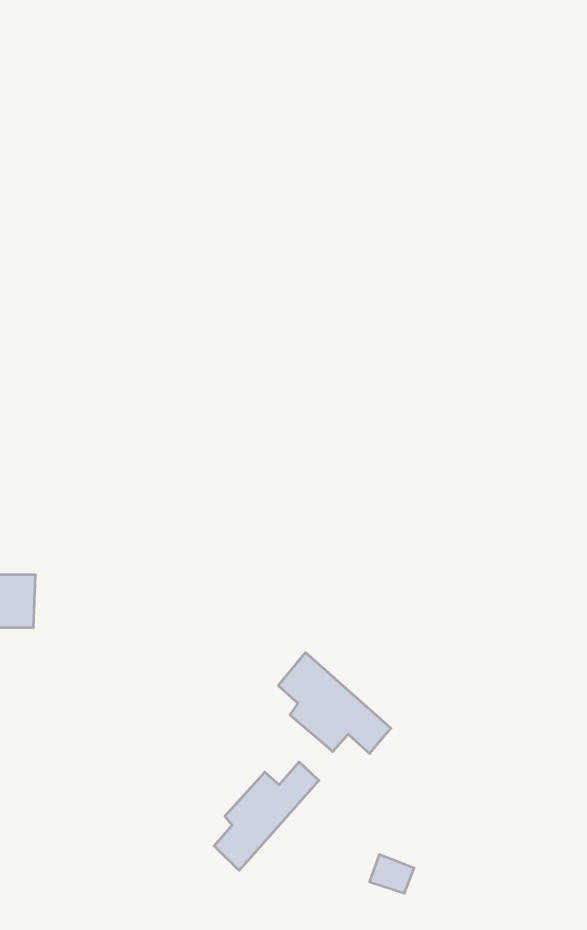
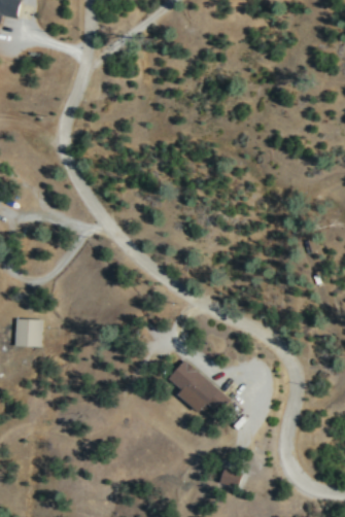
building: [214,762,319,870] -> none

